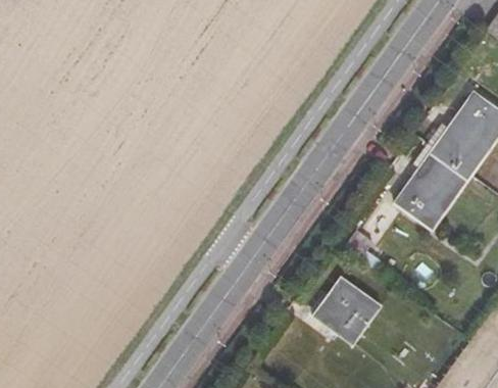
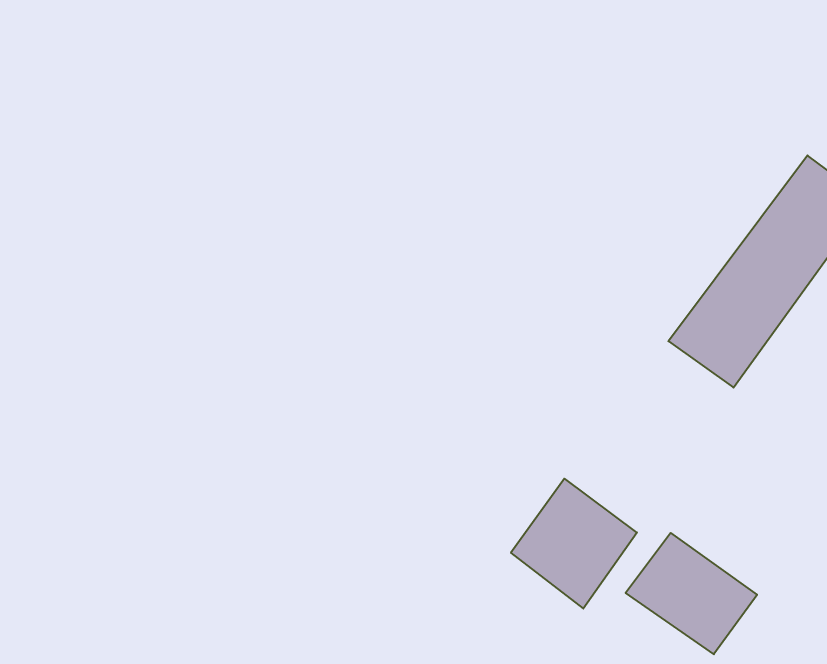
building: none -> [626,533,757,654]

